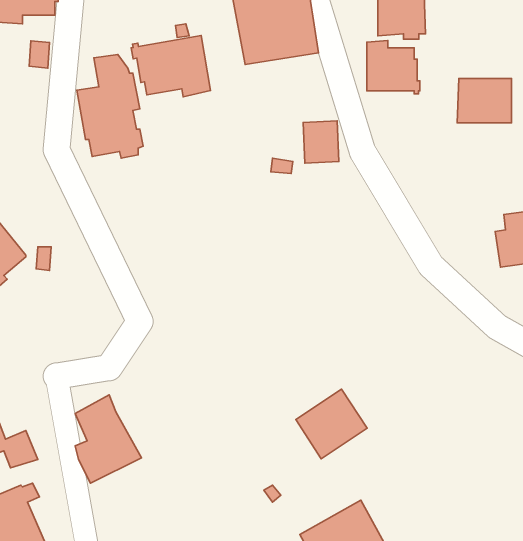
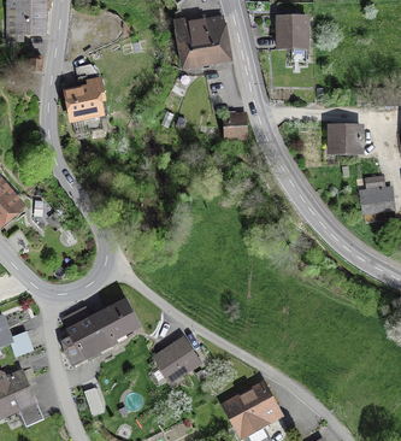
building: [131,36,210,97] -> none
building: [367,41,420,94] -> none
building: [457,79,512,123] -> [325,124,364,155]
building: none -> [89,298,141,349]
building: [296,389,367,459] -> [151,335,201,384]

